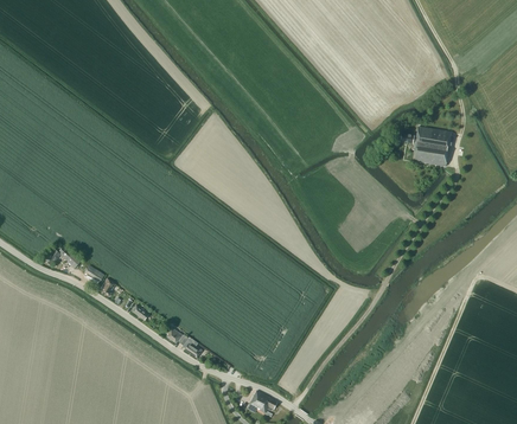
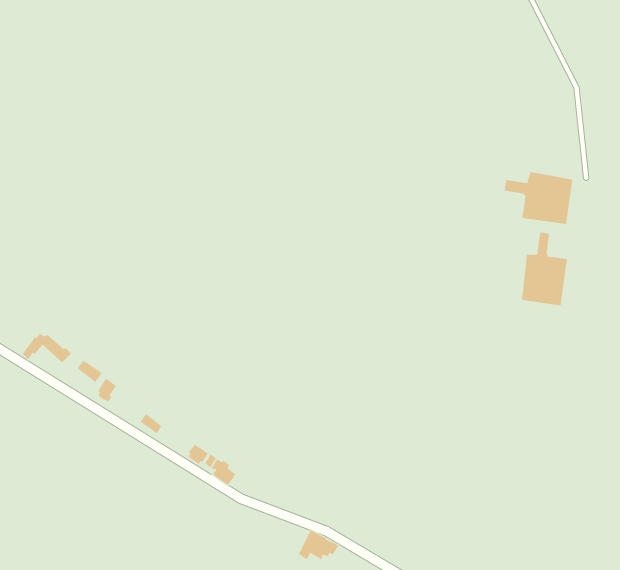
building: none -> [521,232,568,306]

